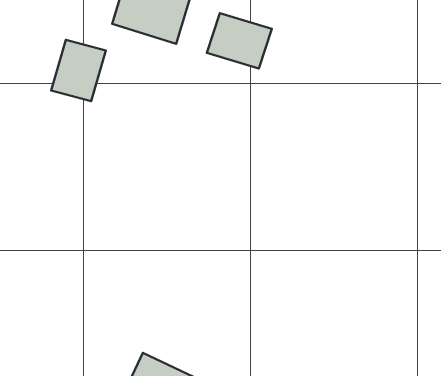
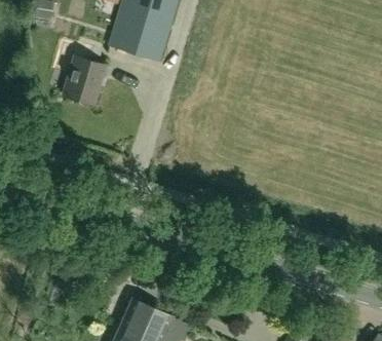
building: [207,13,272,68] -> none

